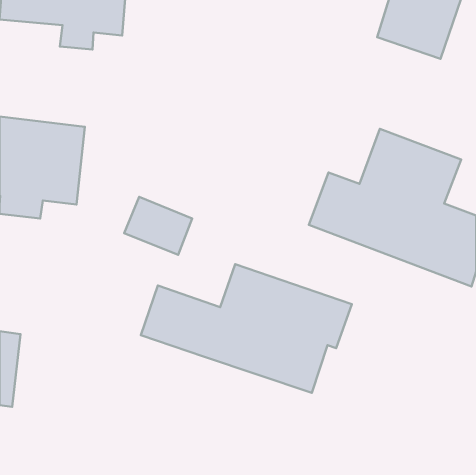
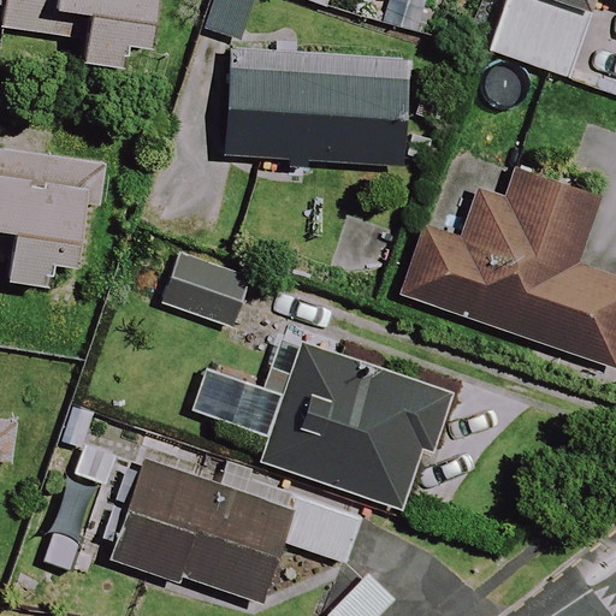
building: none -> [224,54,409,164]
building: none -> [113,464,361,603]

